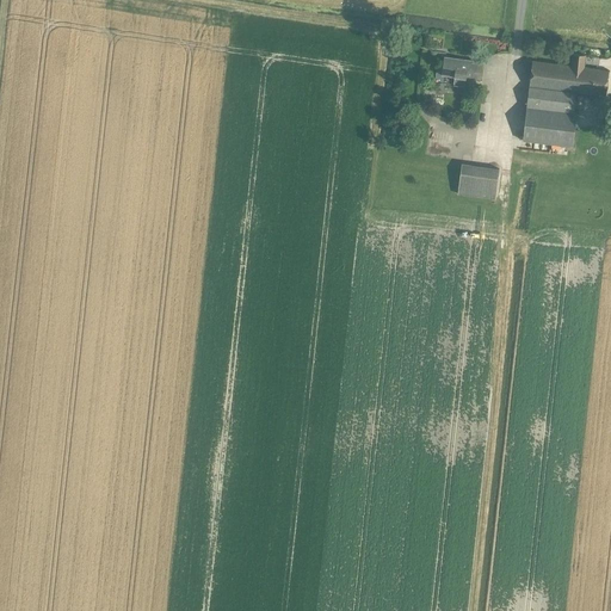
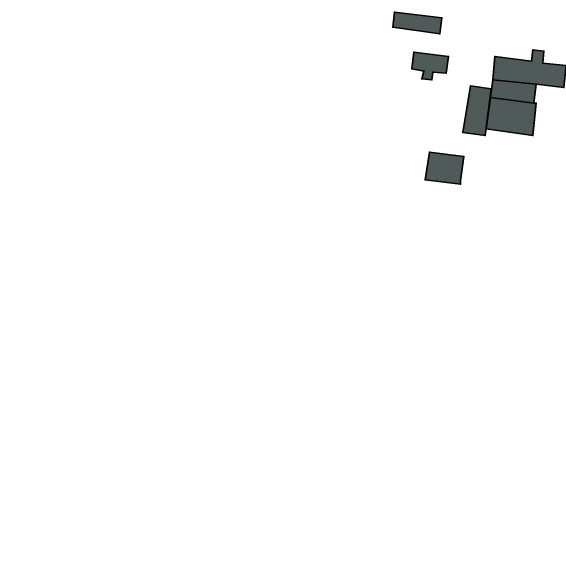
building: none -> [393,12,442,34]
building: none -> [463,86,491,136]

